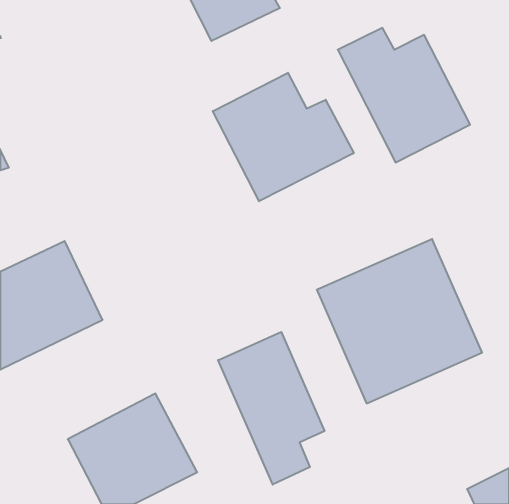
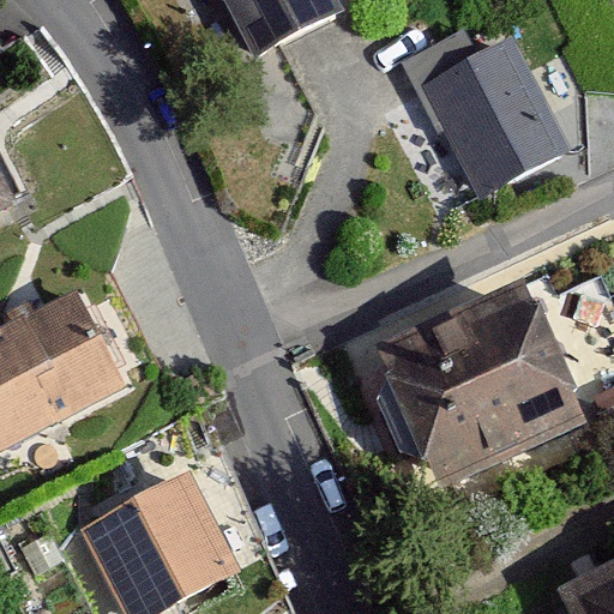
building: [213,73,354,201] -> none
building: [218,332,325,485] -> none

